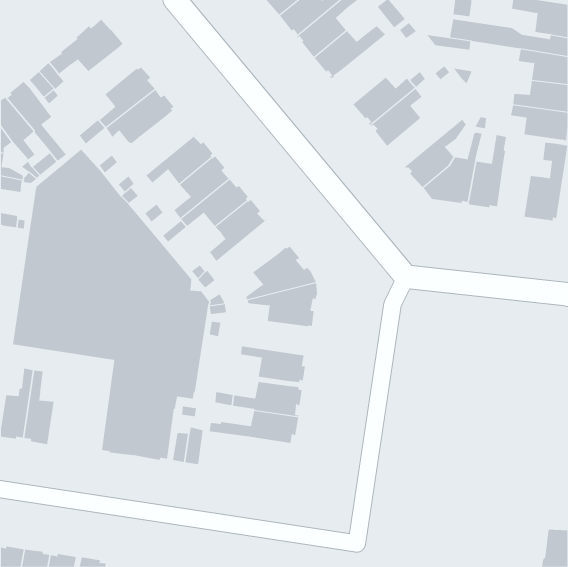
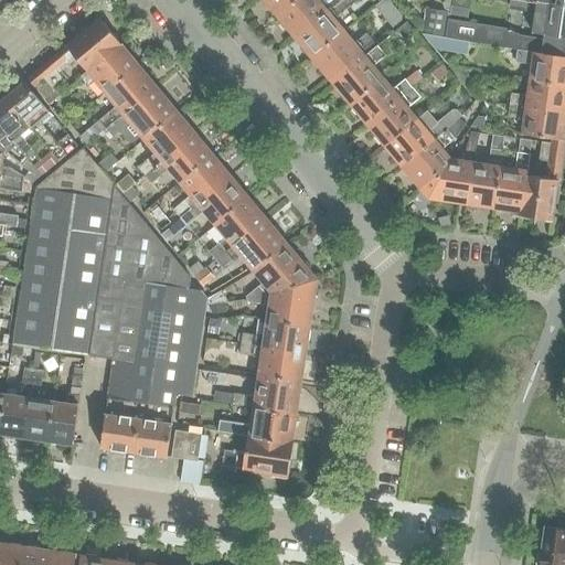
building: none -> [422,8,450,38]
building: none -> [332,38,392,104]
building: none -> [79,46,138,94]
building: none -> [384,109,459,166]
building: none -> [137,113,195,174]
building: none -> [494,138,531,210]
building: none -> [215,217,282,267]
building: none -> [239,319,309,353]
building: none -> [47,373,82,444]
building: none -> [222,434,292,475]

